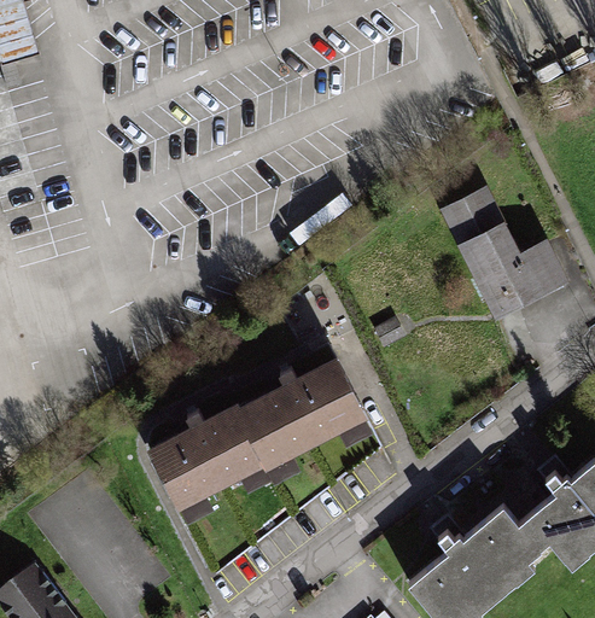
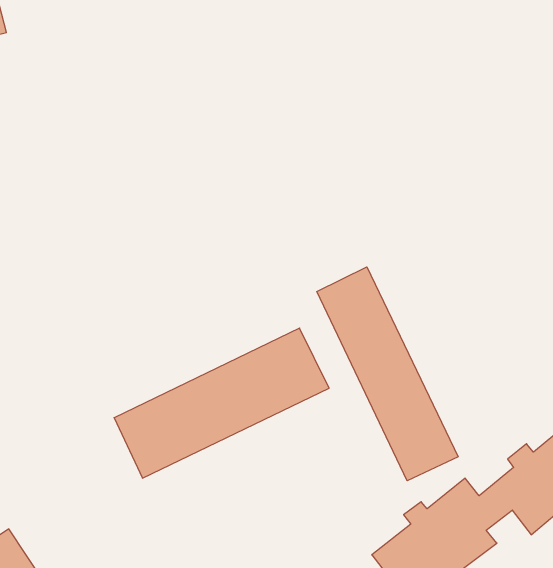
building: [438,179,570,319] -> none
building: none -> [317,267,458,481]

